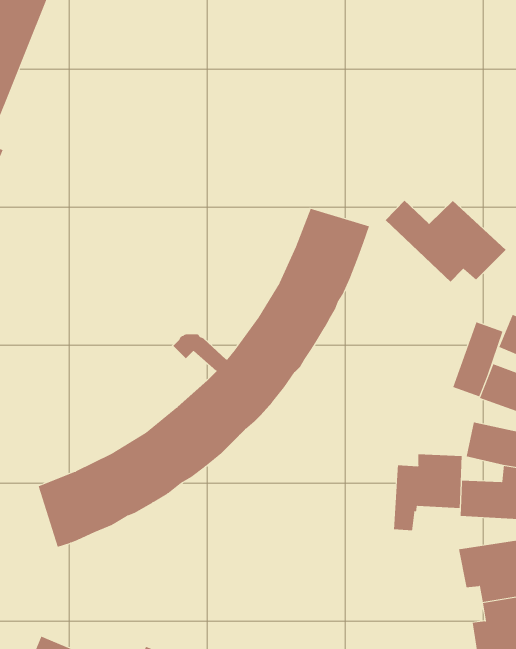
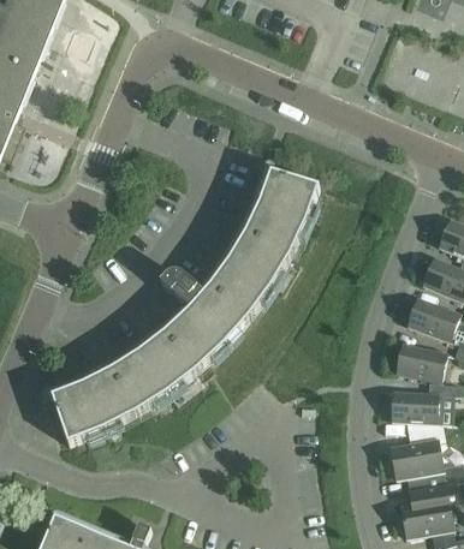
building: [385,200,507,282] -> none
building: [452,321,503,397] -> none
building: [394,453,462,531] -> none

